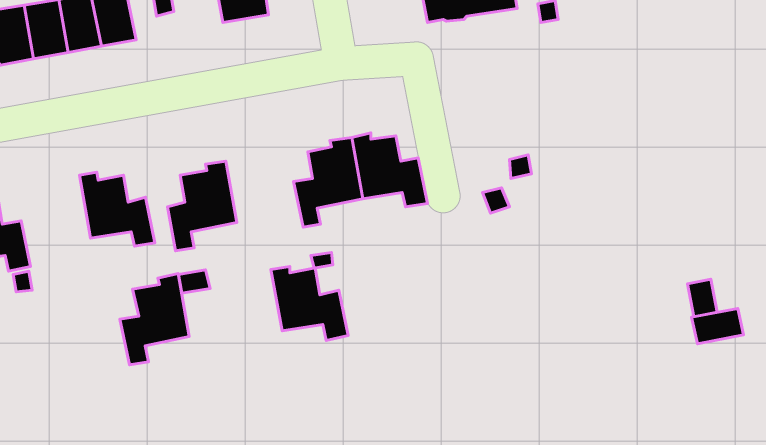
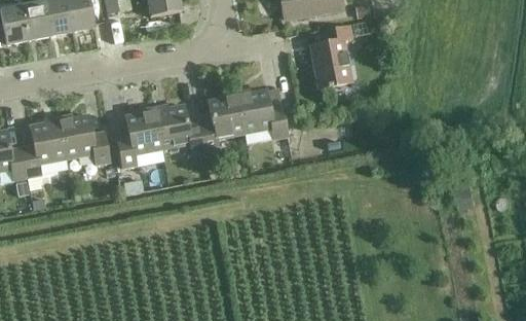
building: none -> [310,24,351,86]
building: [271,266,348,340] -> [153,105,203,153]
building: [120,274,189,365] -> [20,116,65,176]
building: [692,309,744,344] -> none

